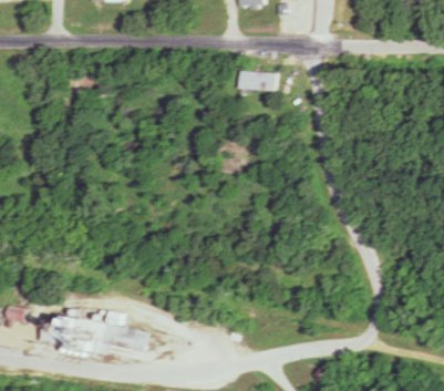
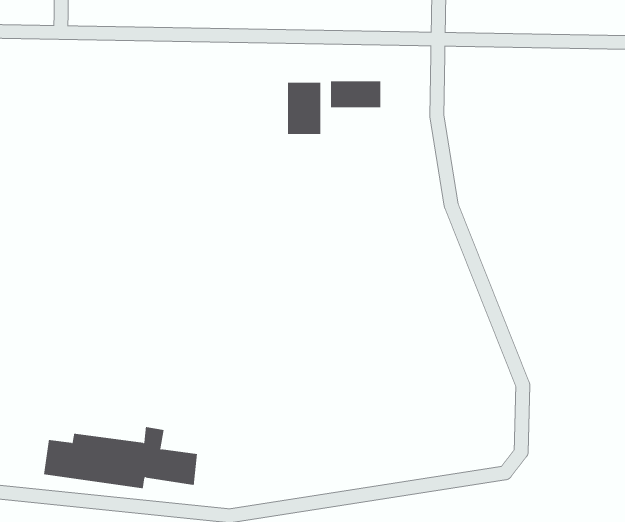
building: none -> [288,82,321,135]

